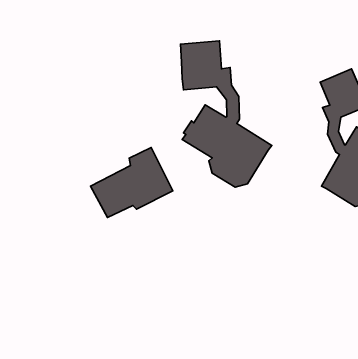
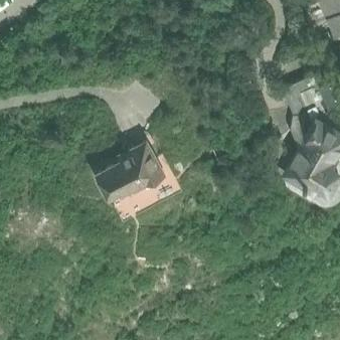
building: [180,41,272,187] -> none

